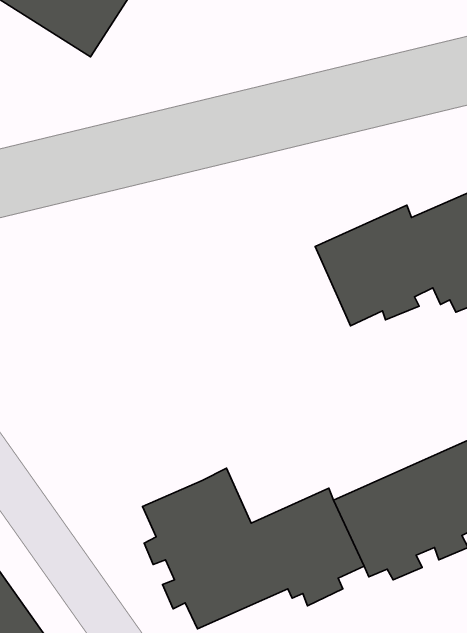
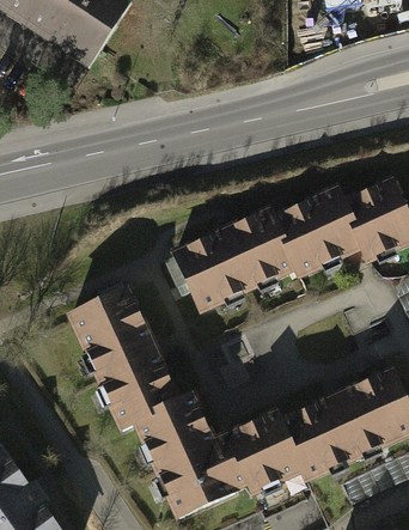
building: none -> [167,211,294,317]
building: none -> [63,285,181,428]

